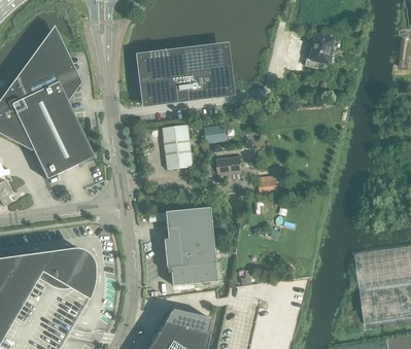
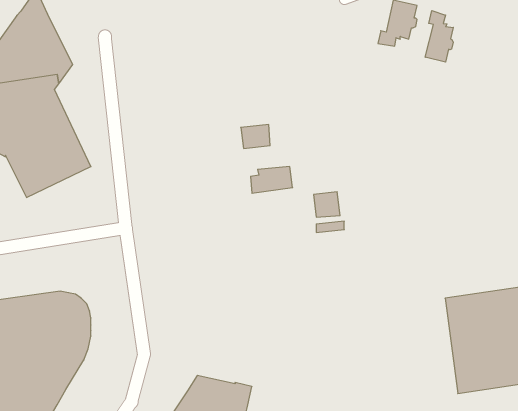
building: none -> [425,11,453,62]
building: [137,42,237,107] -> none
building: [163,125,193,169] -> none
building: [165,207,219,285] -> none

